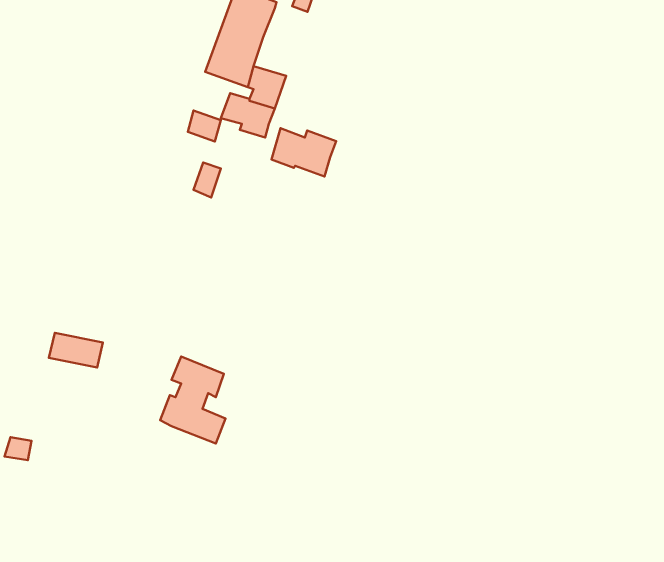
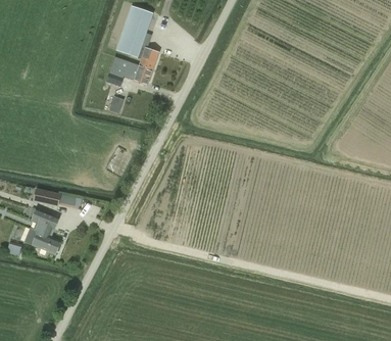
building: [272,128,336,176] -> none
building: [160,357,226,443] -> [26,208,60,254]

